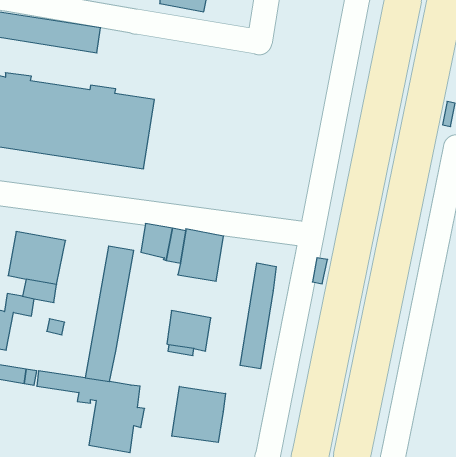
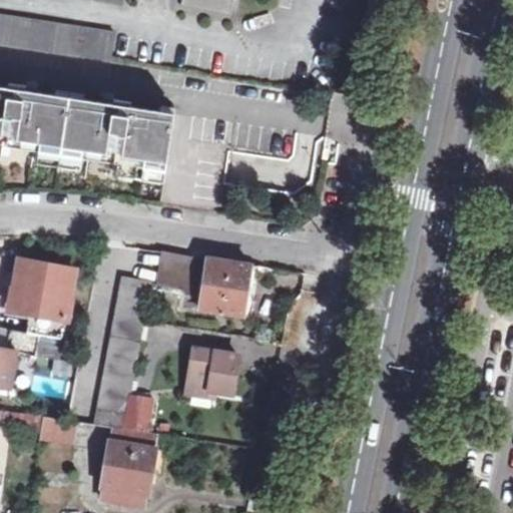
building: [240,263,276,369] -> none
building: none -> [122,392,152,430]
building: [172,386,226,442] -> none

